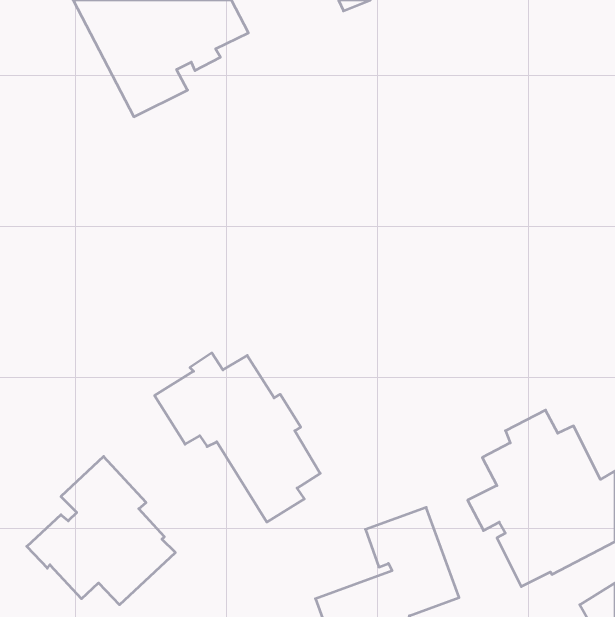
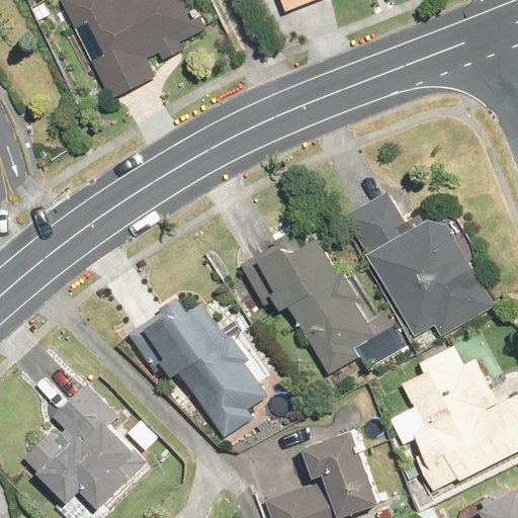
building: none -> [342,192,495,339]
building: none -> [240,232,374,374]

